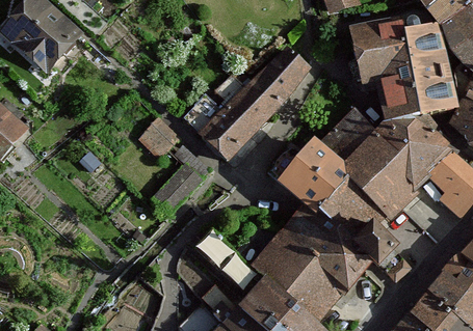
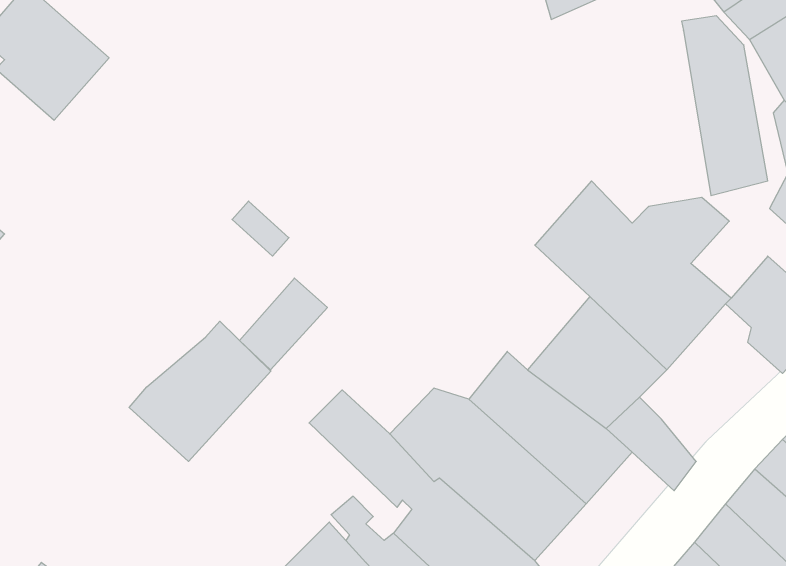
building: [351,21,420,120] -> none
building: [193,47,309,155] -> none
building: [409,129,452,172] -> none
building: [270,138,351,213] -> none
building: none -> [129,321,271,461]

